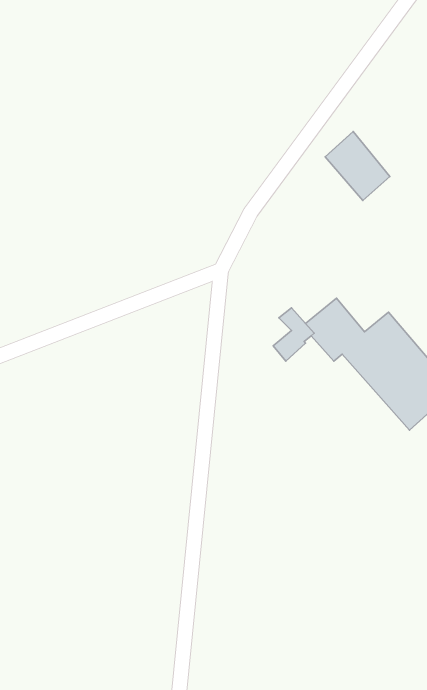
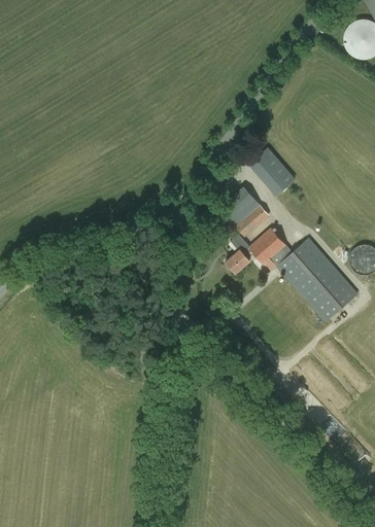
building: [325,132,390,200] -> [247,144,295,195]
building: none -> [217,184,269,236]

